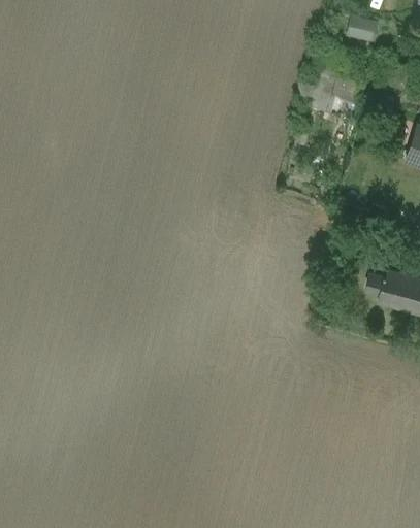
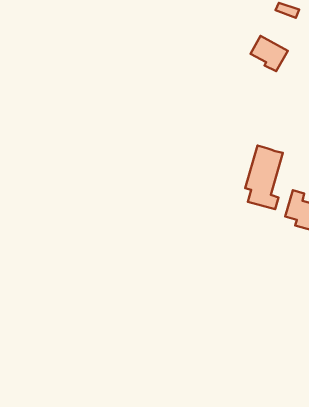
building: none -> [245,145,283,209]

